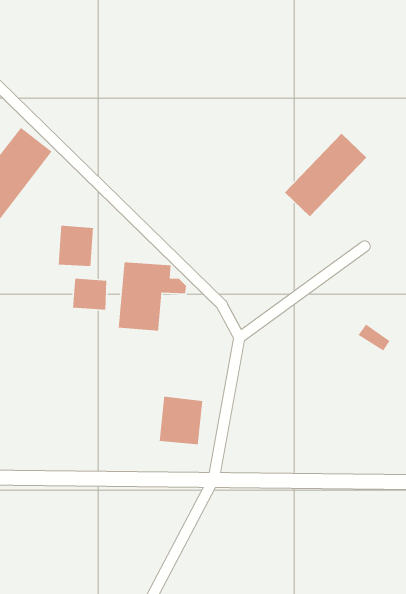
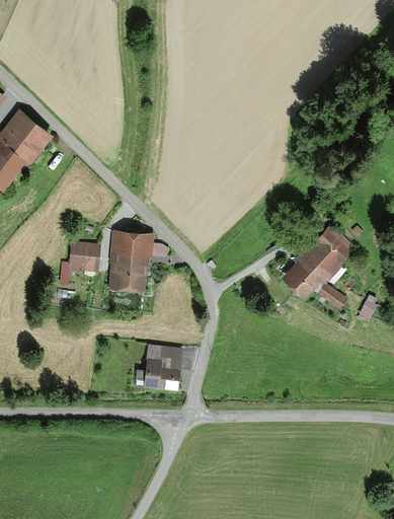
building: [284,133,367,217] -> [282,226,353,299]
building: [58,225,94,267] -> none

